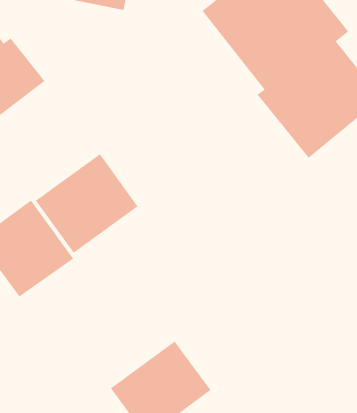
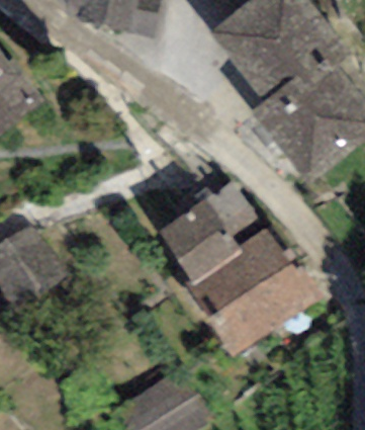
building: [35,153,139,254] -> none
building: none -> [160,201,316,355]

